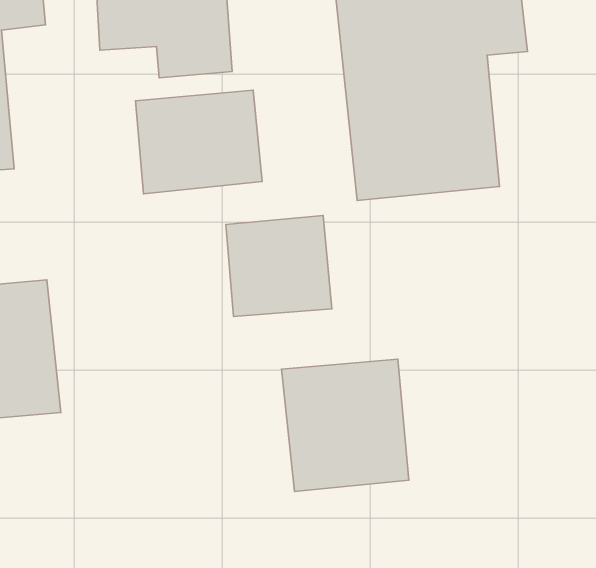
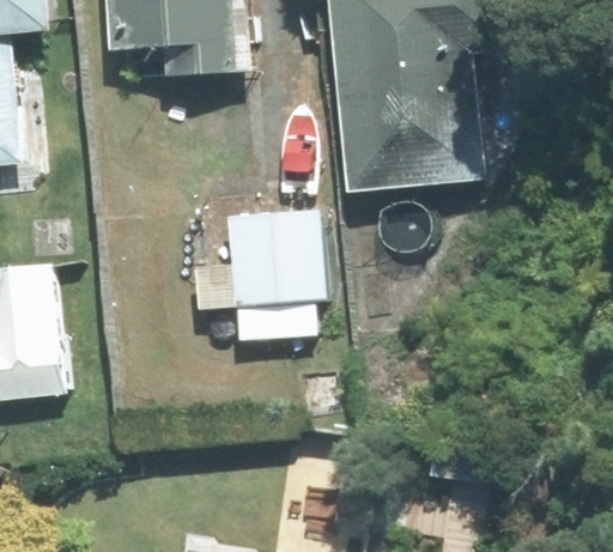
building: [136,90,262,194] -> none
building: [282,359,409,492] -> none

